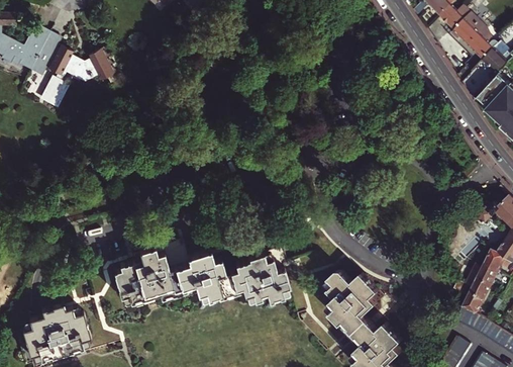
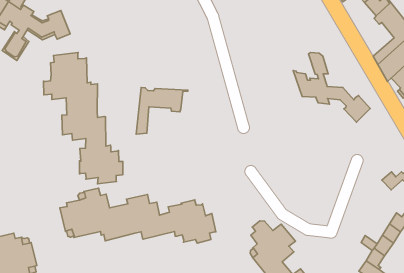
building: none -> [293,53,370,122]
building: none -> [44,53,123,184]
building: none -> [136,87,188,134]

